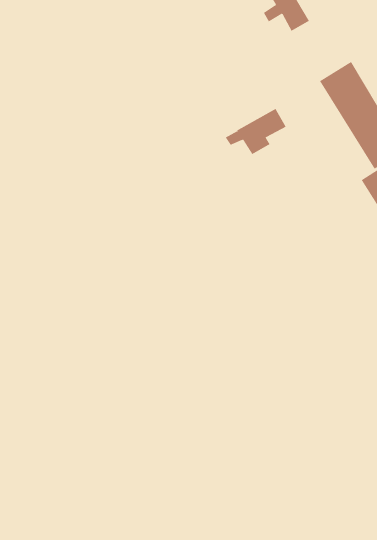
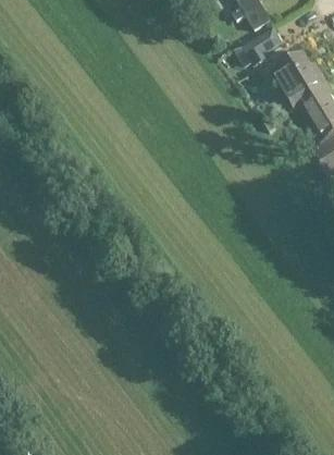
building: [225,108,287,155] -> [233,28,283,66]

